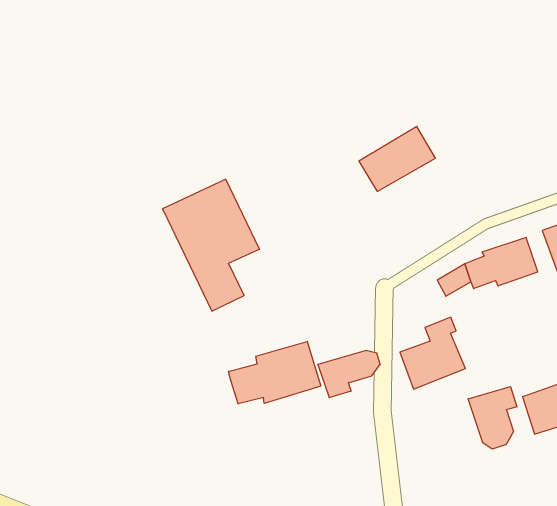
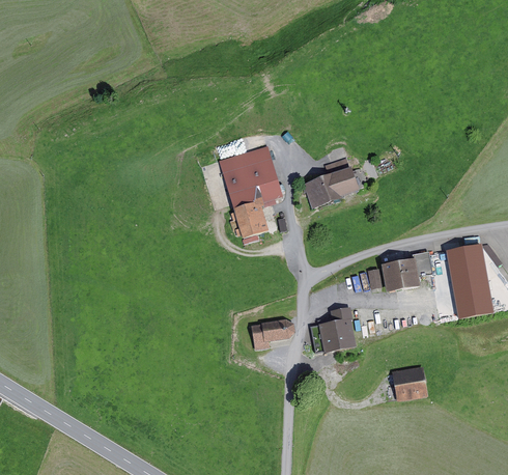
building: [162,179,260,311] -> [219,145,283,238]
building: [229,341,321,404] -> none
building: [468,387,517,449] -> none

